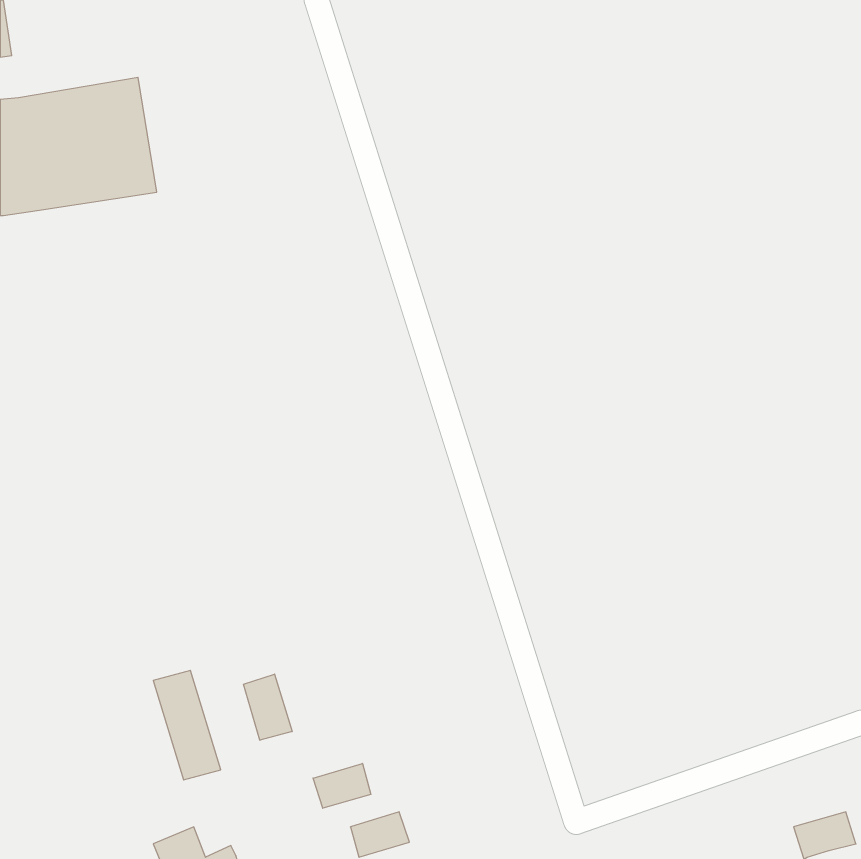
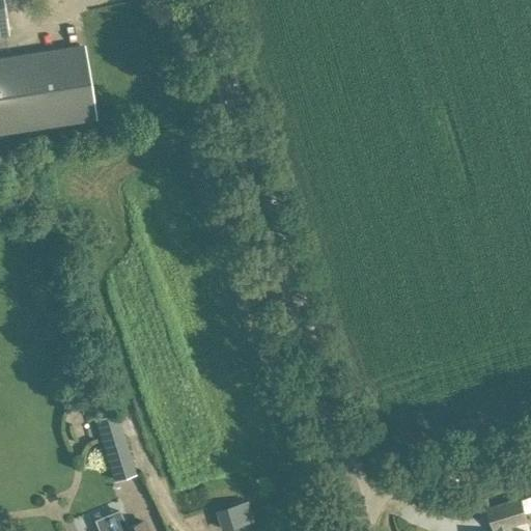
building: [243,674,292,740] -> none
building: [313,763,371,808] -> none

